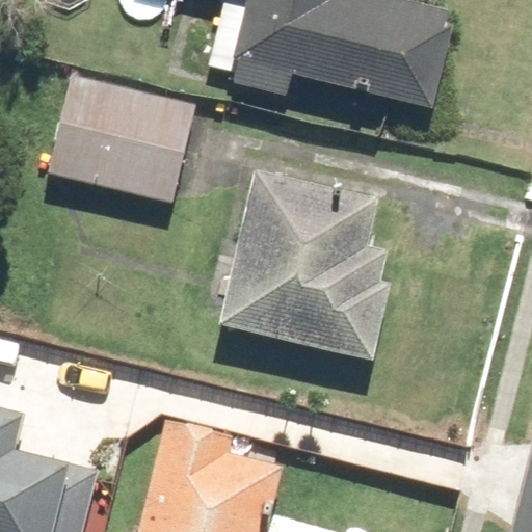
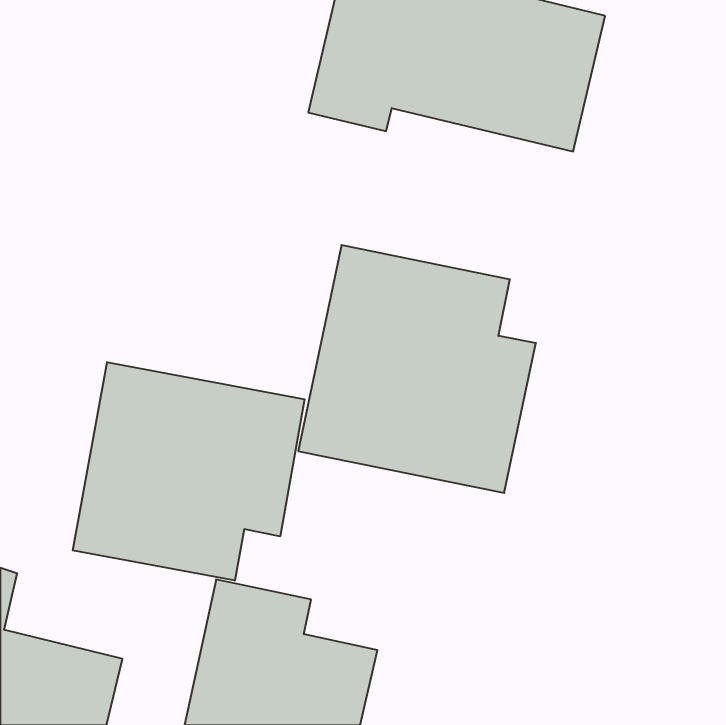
building: [49,79,201,203] -> none
building: none -> [73,362,305,581]

